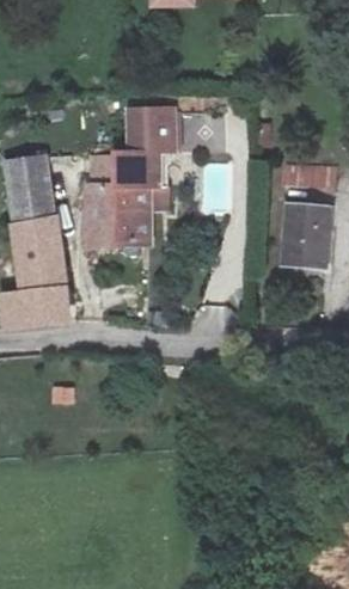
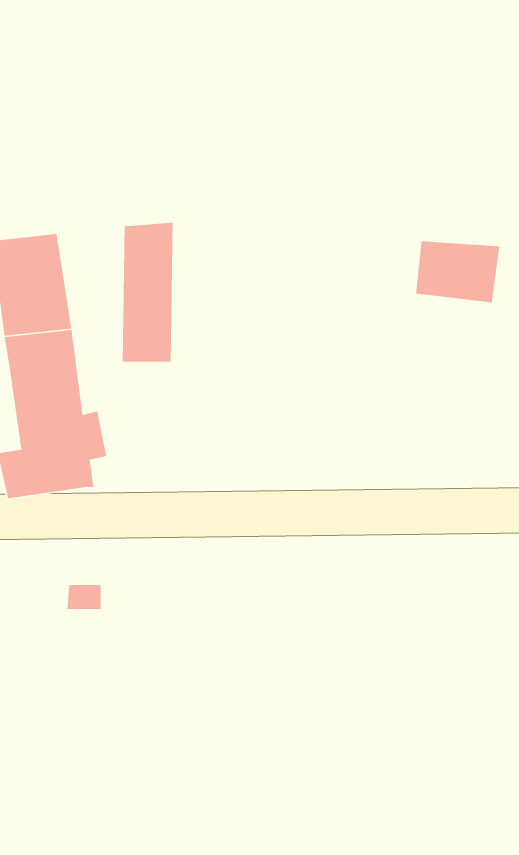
building: [122,108,177,241] -> none
building: [275,213,330,283] -> none

